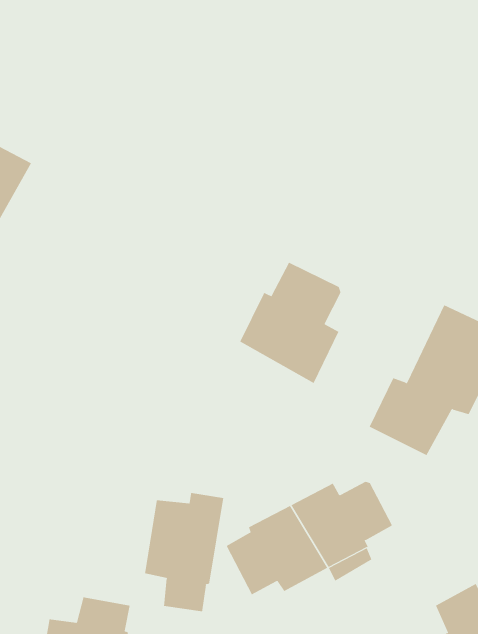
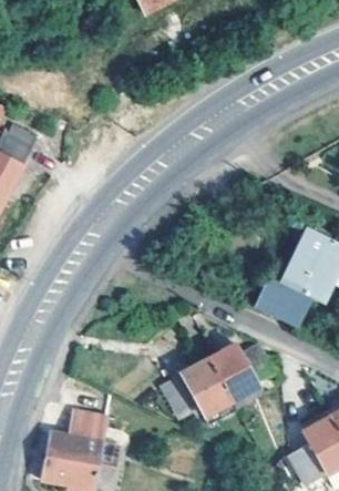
building: [240,262,341,384] -> none
building: [144,492,224,612] -> none

